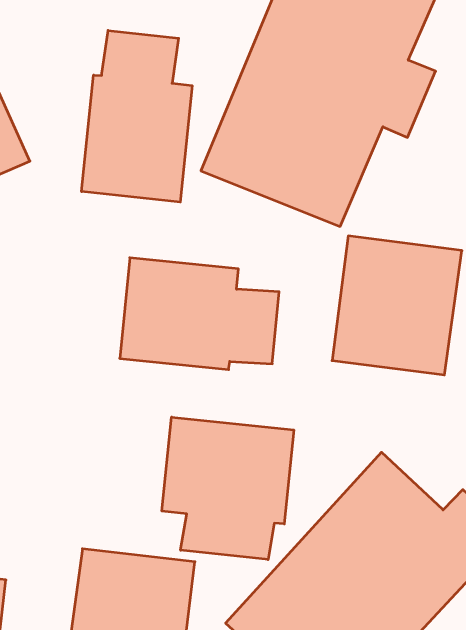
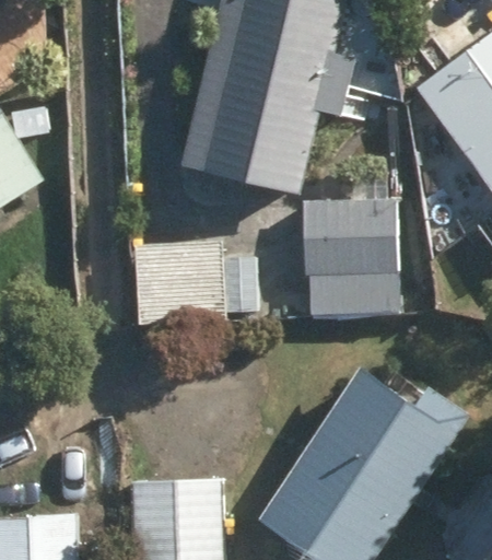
building: [82,30,192,202] -> none
building: [162,417,294,560] -> none

